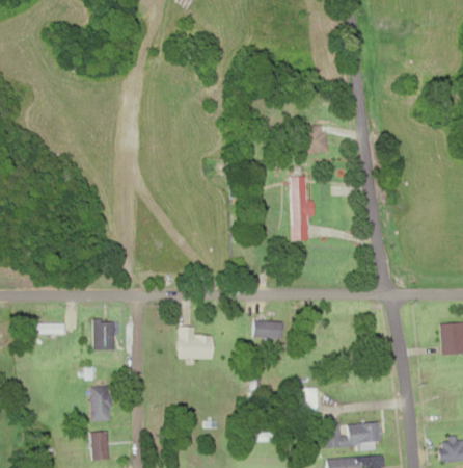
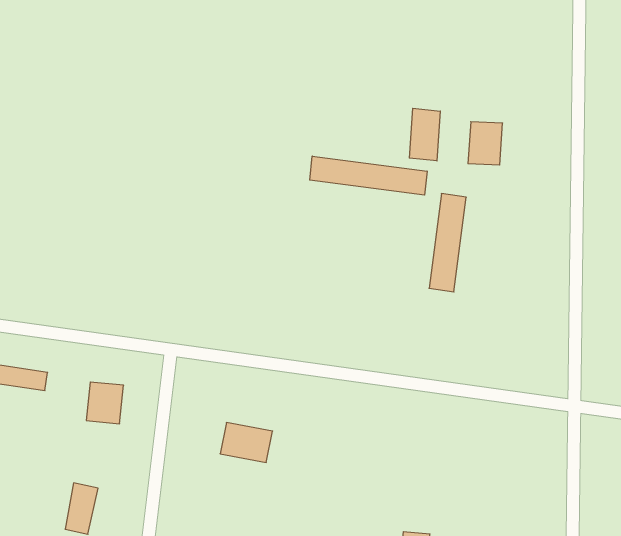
building: none -> [409,108,440,161]
building: none -> [310,156,427,195]
building: [253,320,279,338] -> none

